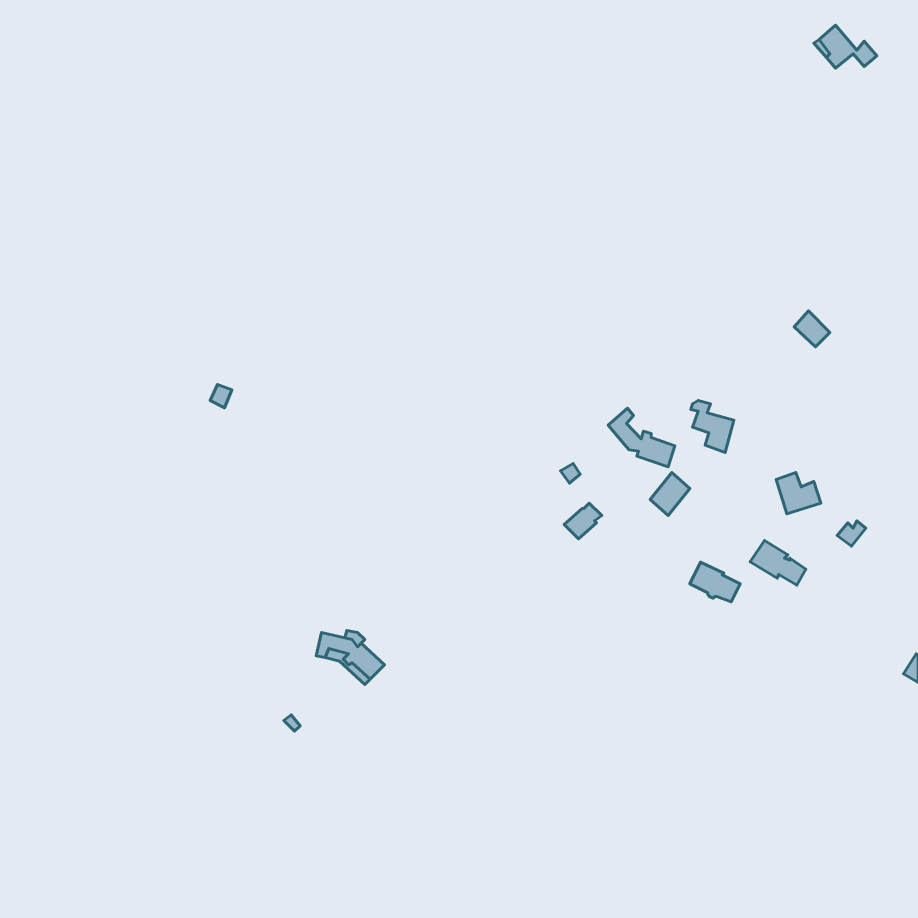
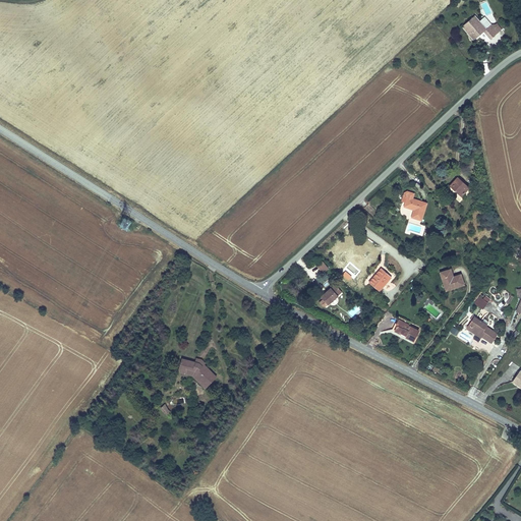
building: [691,400,734,452] -> [403,191,427,221]
building: [608,408,675,467] -> none
building: [750,540,806,585] -> [465,316,497,342]

